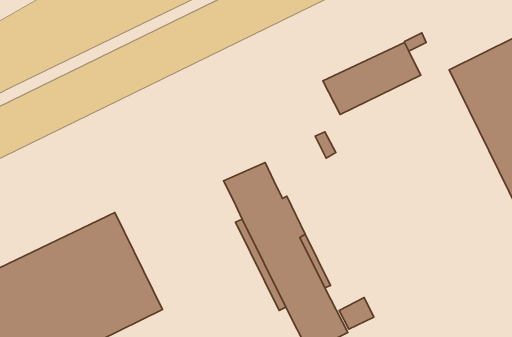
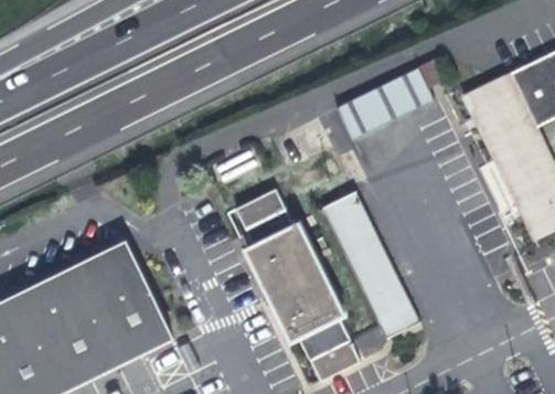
building: none -> [322,193,419,339]

